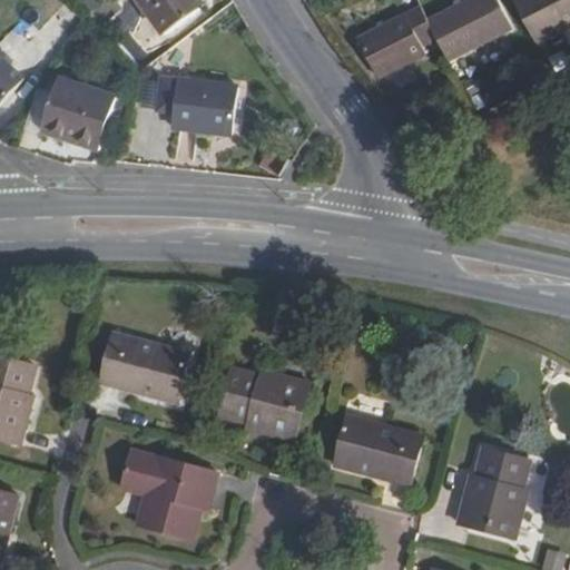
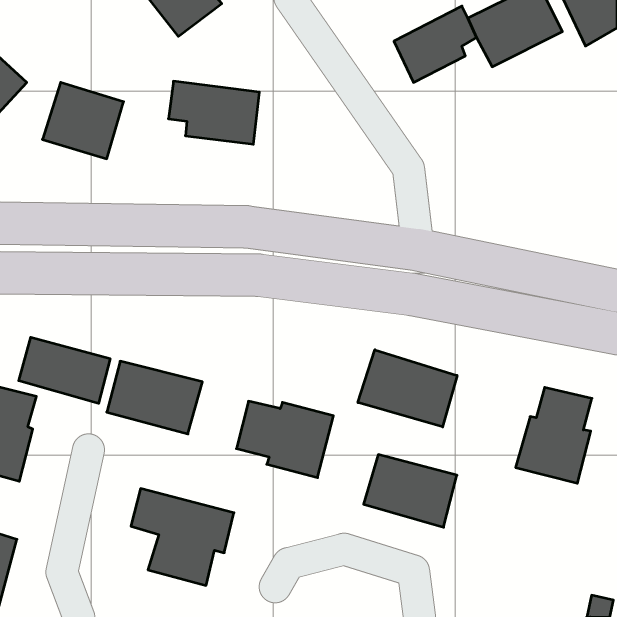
building: none -> [19,337,110,403]
building: none -> [358,350,457,427]
building: [456,449,527,537] -> [516,387,592,483]

